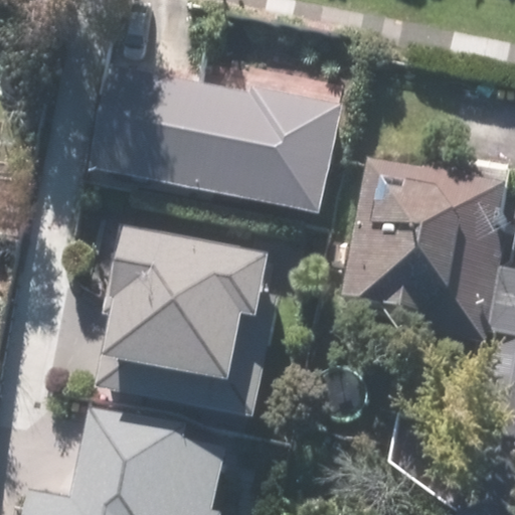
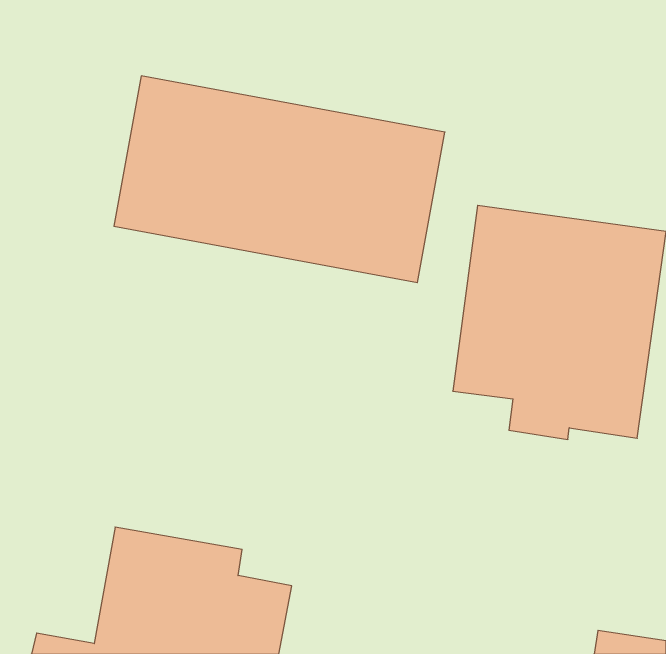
building: [94,233,274,388] -> none

